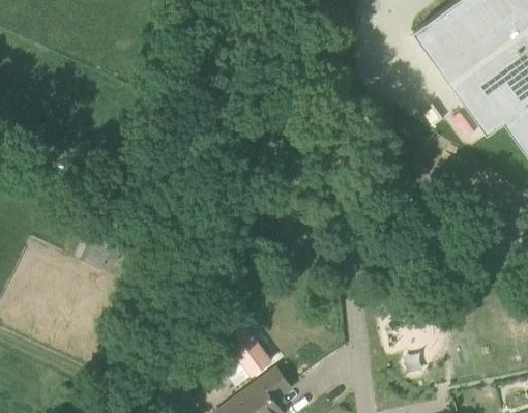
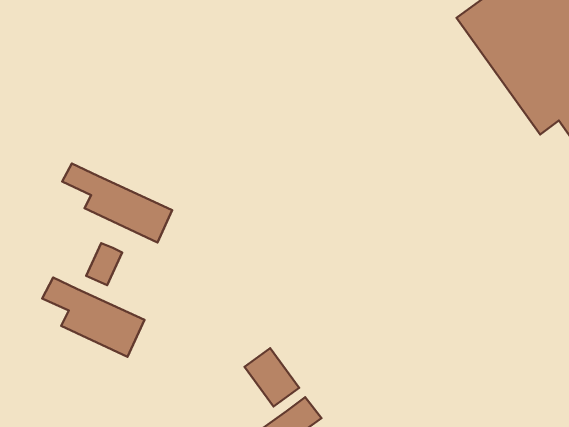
building: none -> [62,163,172,243]
building: none -> [42,277,144,357]

